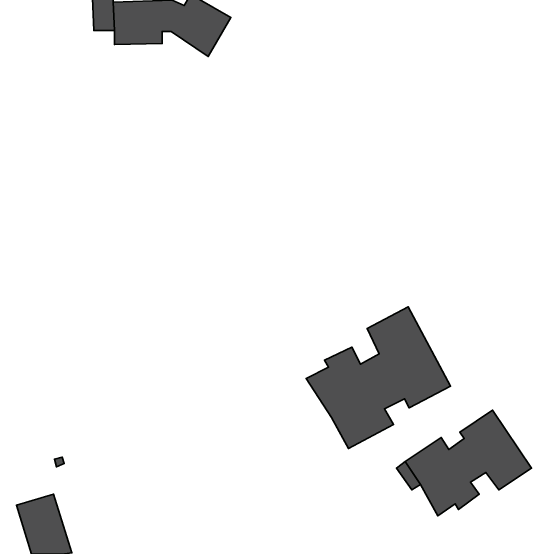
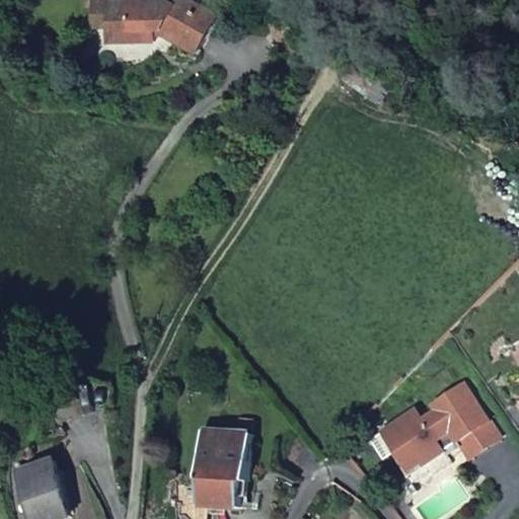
building: [306,307,450,449] -> none
building: none -> [198,426,250,499]

